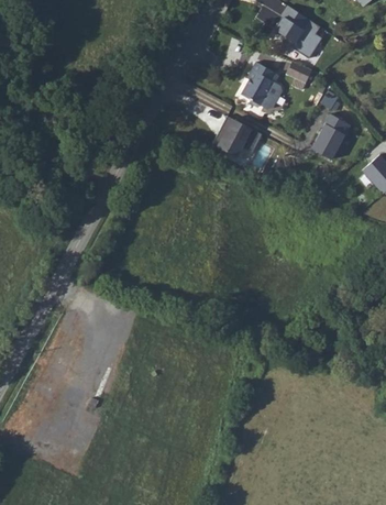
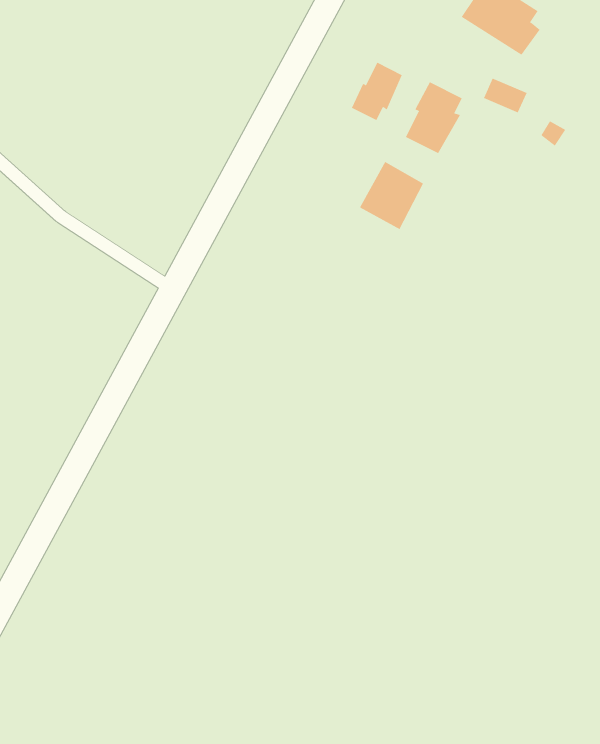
building: none -> [351,62,403,121]
building: [310,112,351,160] -> none

